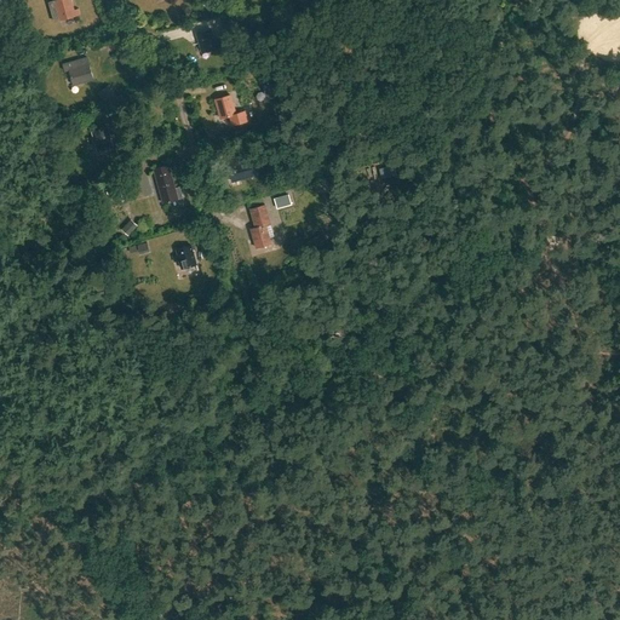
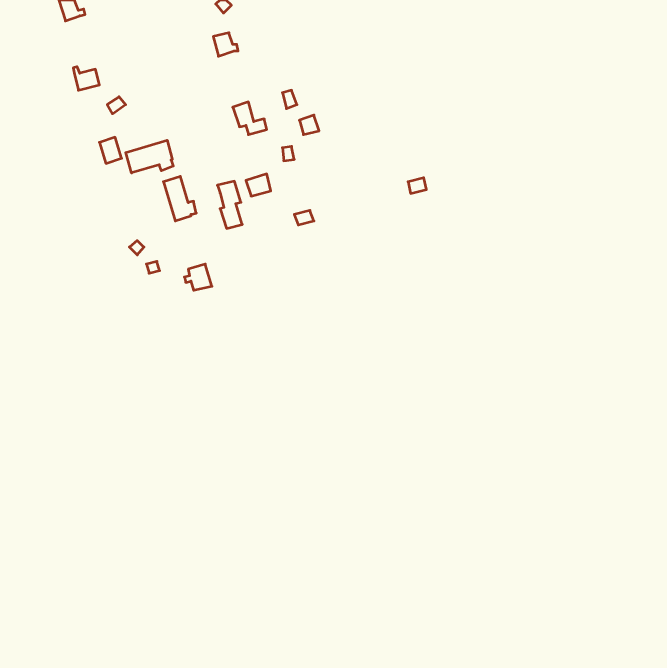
building: none -> [126,140,173,173]
building: [248,205,271,248] -> [217,181,242,228]

